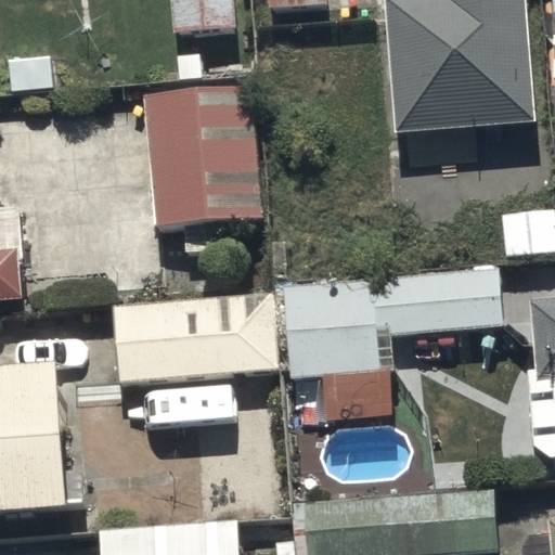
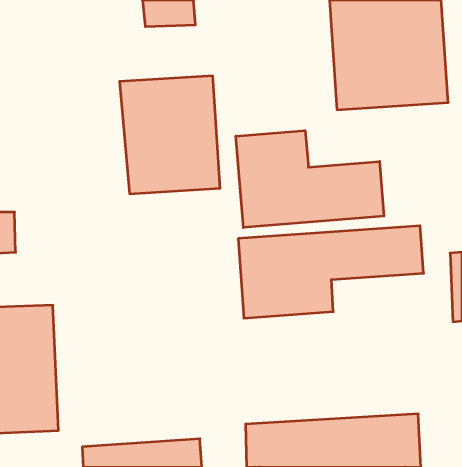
building: none -> [236,131,384,228]
building: [112,294,278,383] -> none

